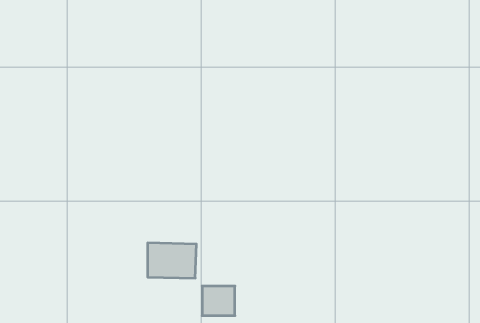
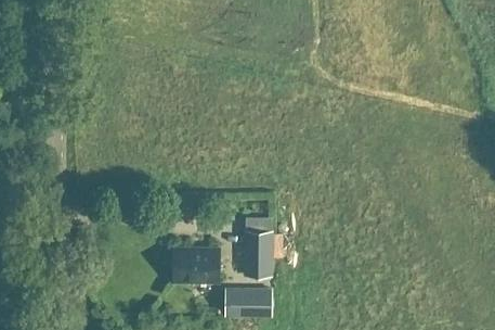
building: none -> [244,230,273,275]

